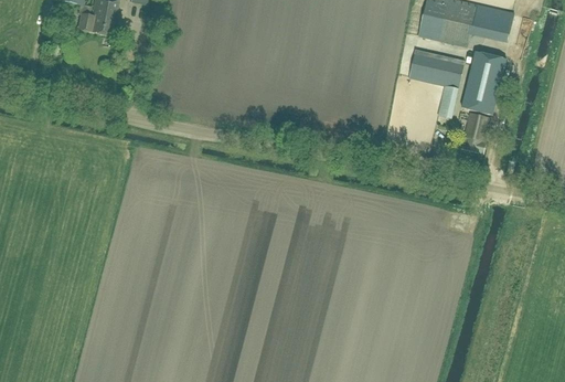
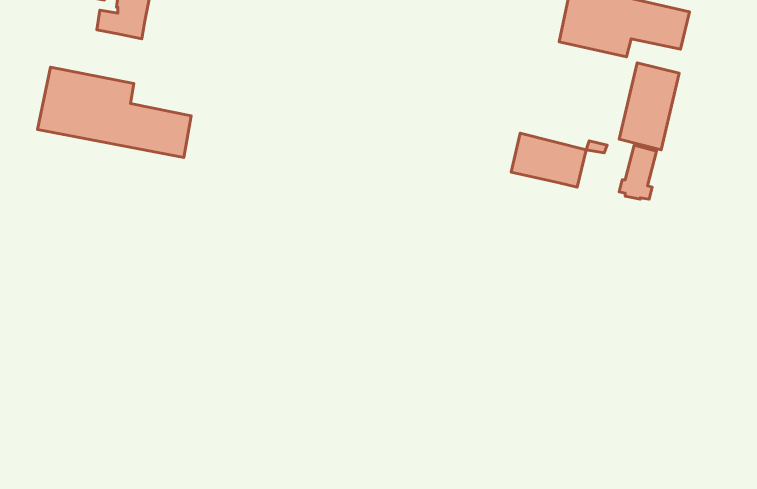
building: [408,47,463,87] -> [511,133,586,187]
building: none -> [37,67,191,157]

